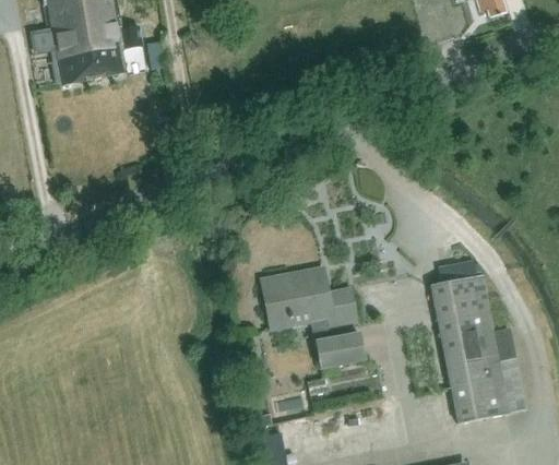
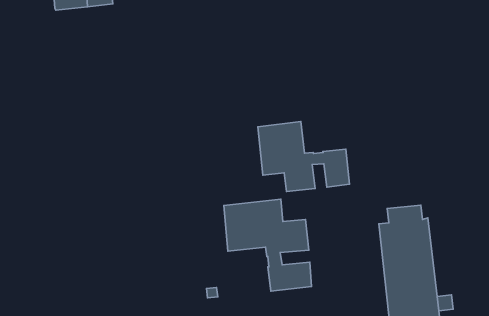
building: none -> [258,121,350,192]

